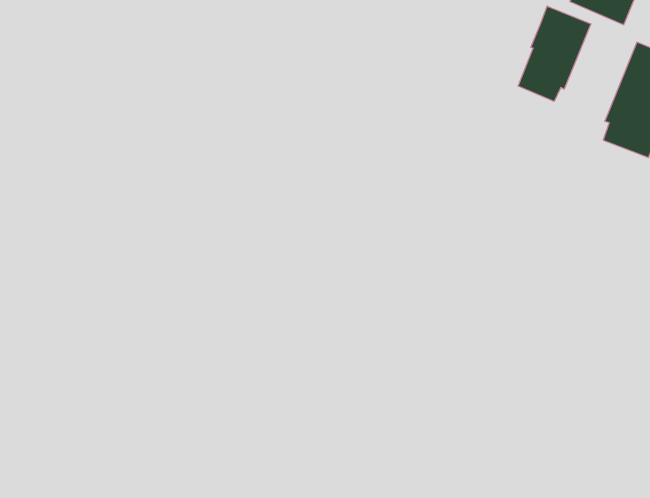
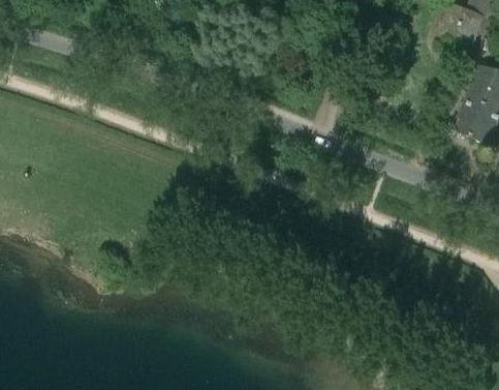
building: [518,6,591,101] -> none

